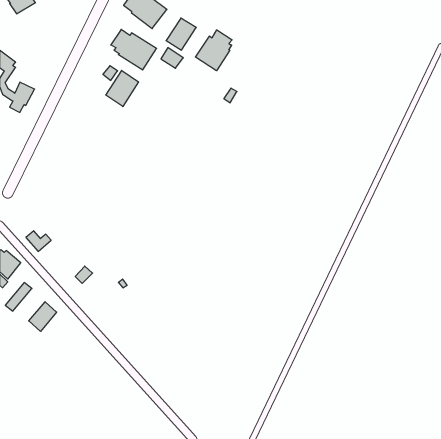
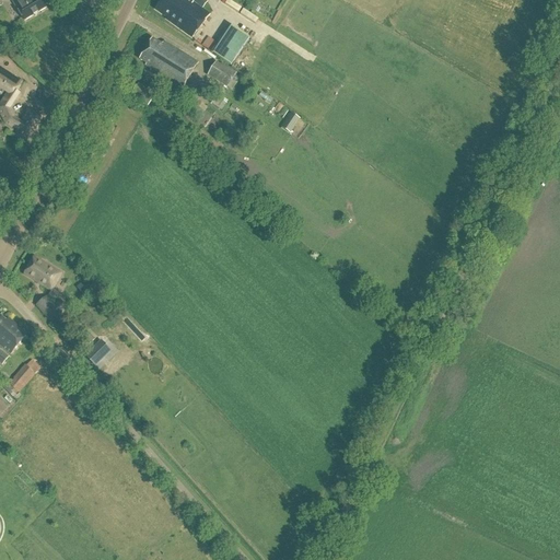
building: [195,30,232,71] -> none
building: [106,70,139,107] -> none
building: none -> [20,253,59,289]
building: [29,302,57,331] -> none

